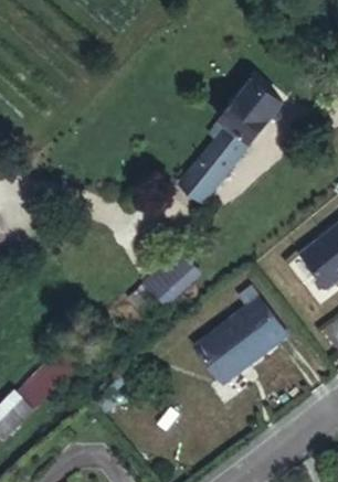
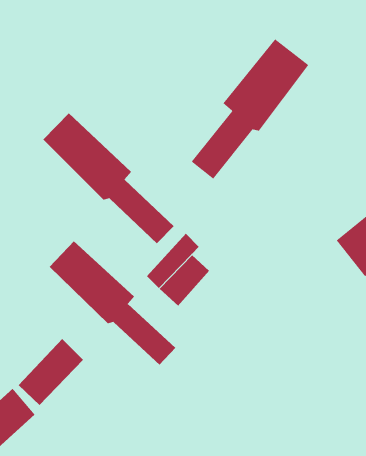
building: none -> [43,113,174,244]
building: none -> [49,240,176,365]
building: [198,297,291,384] -> none

